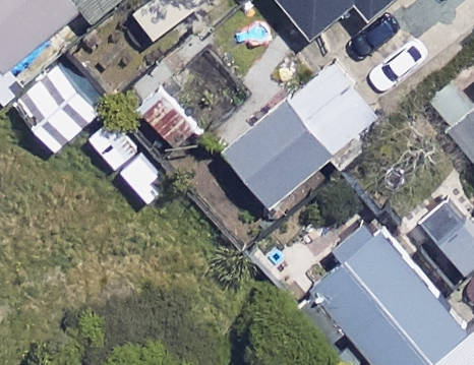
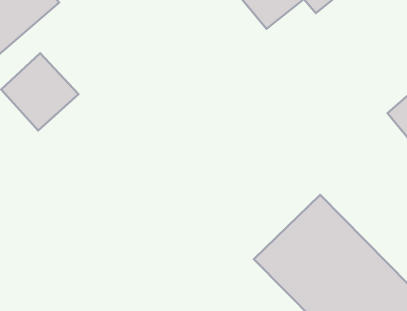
building: [224,60,383,207] -> none

